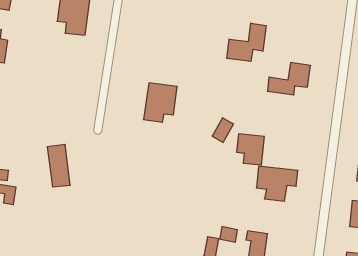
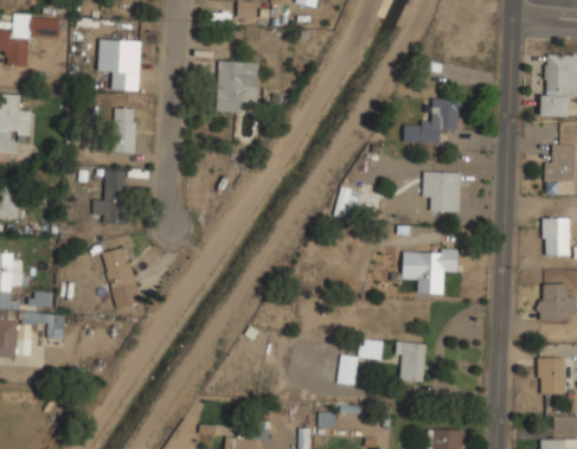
building: [227,23,266,61] -> none
building: none -> [114,108,135,152]
building: [143,83,177,122] -> [216,60,258,114]
building: none -> [92,169,124,224]
building: [237,134,264,165] -> [423,172,460,212]

